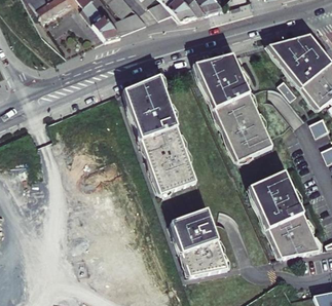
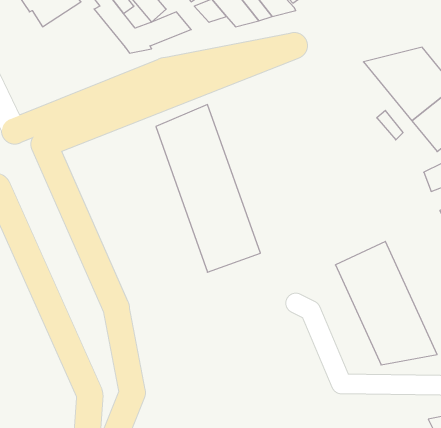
building: [194,55,272,161] -> none
building: [171,209,228,275] -> none

